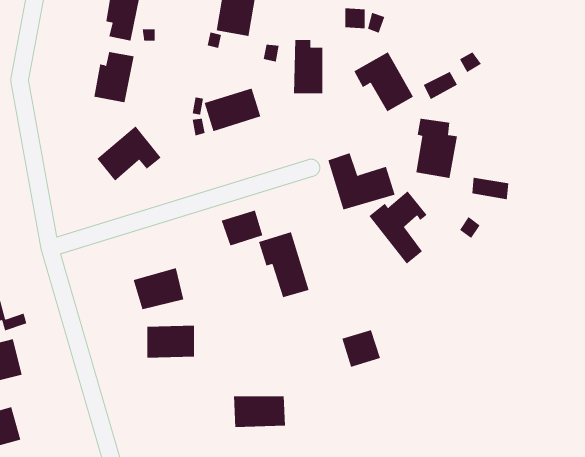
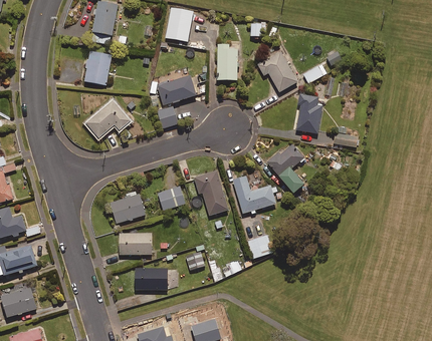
building: [328,153,396,210] -> [234,178,279,216]
building: [221,210,263,246] -> [157,187,185,211]
building: [233,396,286,427] -> [135,269,170,290]

